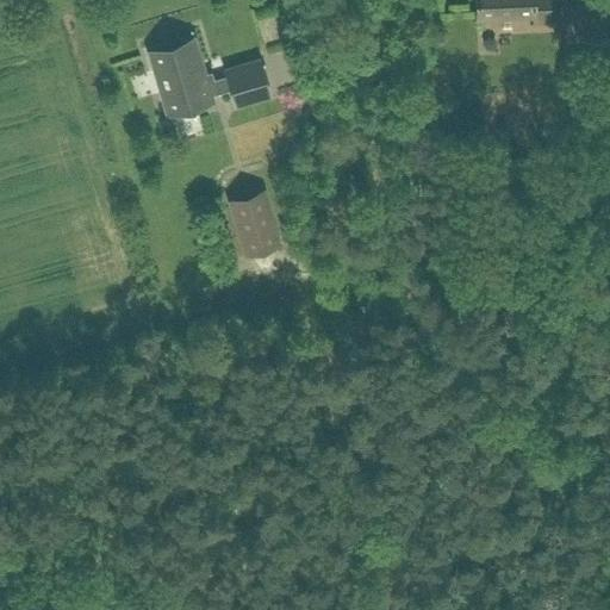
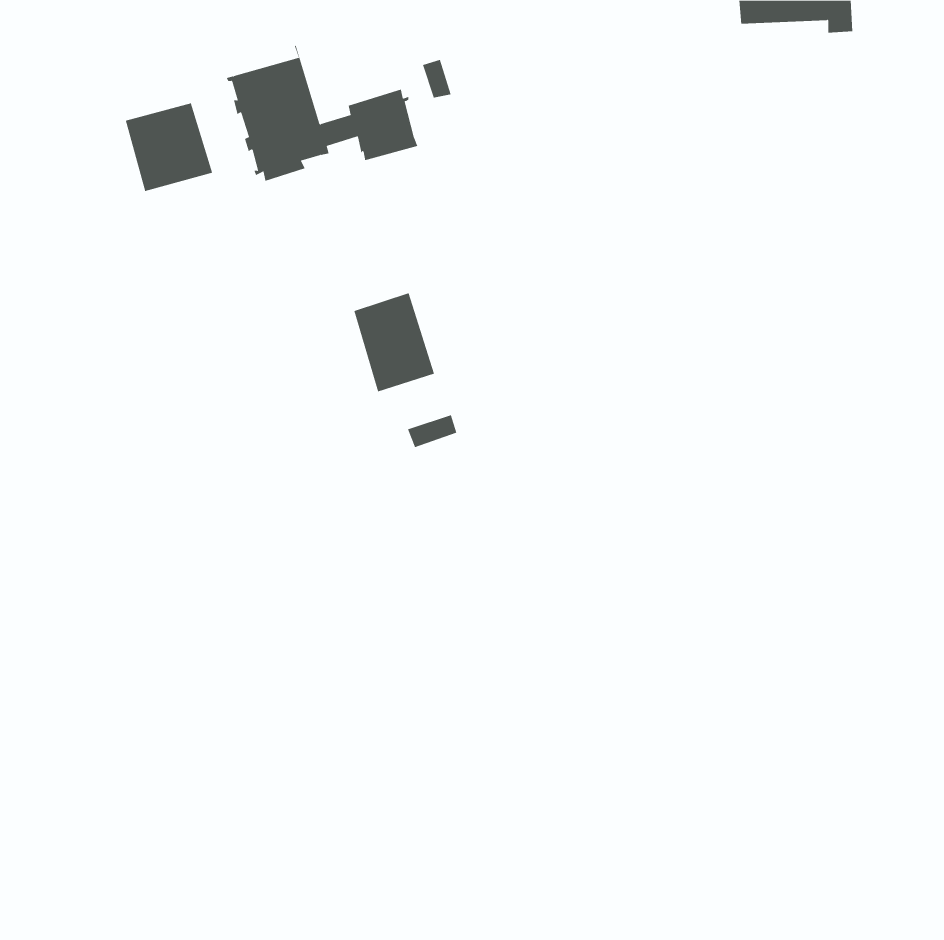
building: none -> [125,103,213,192]

